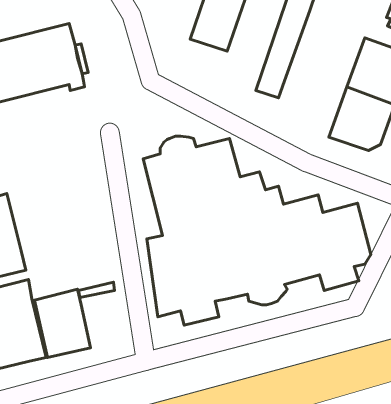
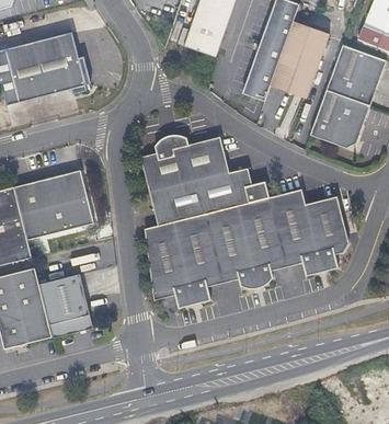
building: none -> [270,20,330,98]
building: none -> [15,172,94,240]

